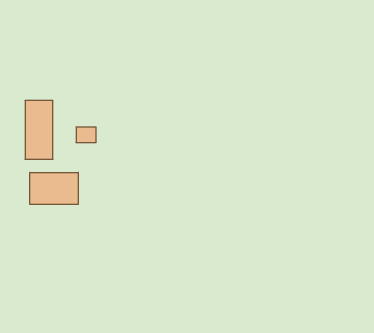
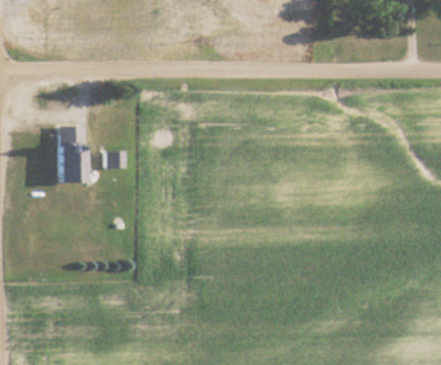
building: [30,172,78,204] -> none

